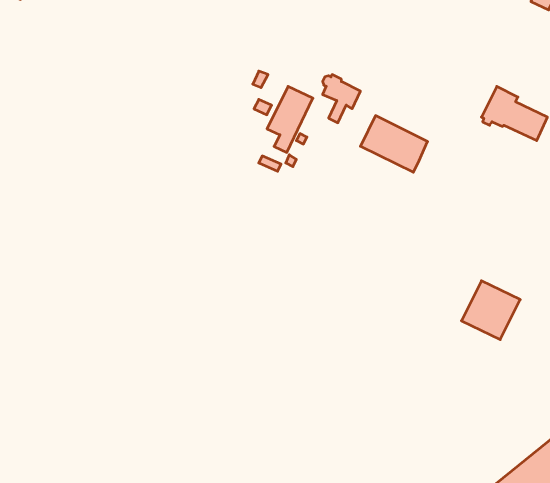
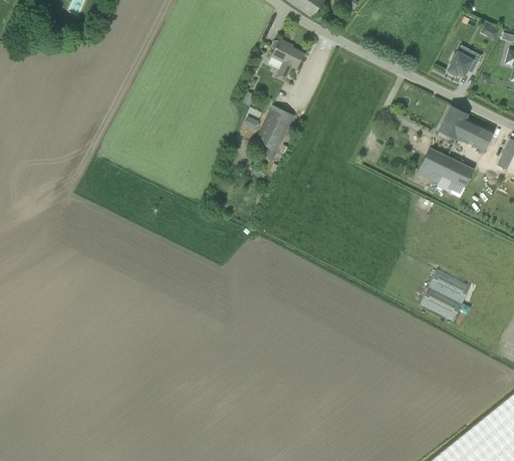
building: none -> [448,51,482,75]
building: [323,75,360,123] -> [272,39,304,80]
building: [360,116,428,172] -> [417,147,474,195]

